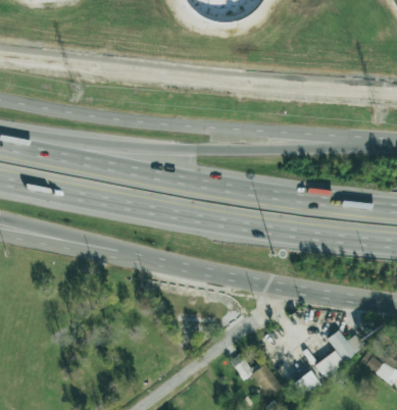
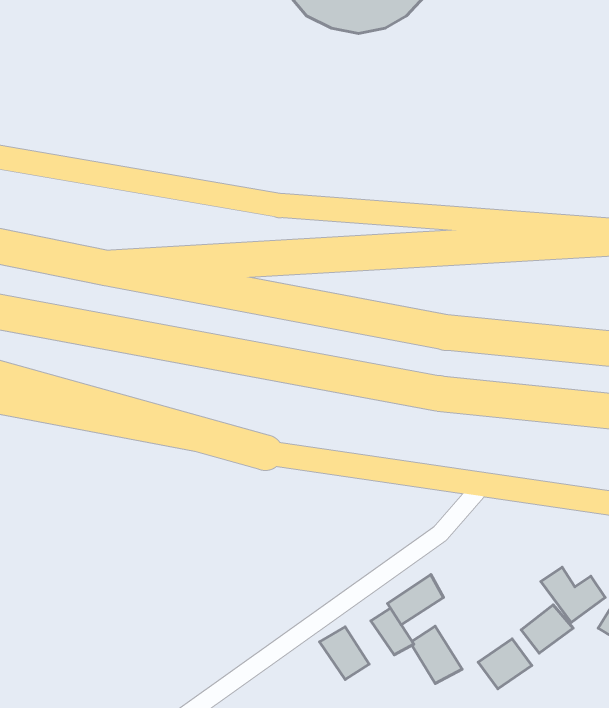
building: none -> [388,575,444,625]
building: none -> [320,627,369,680]

